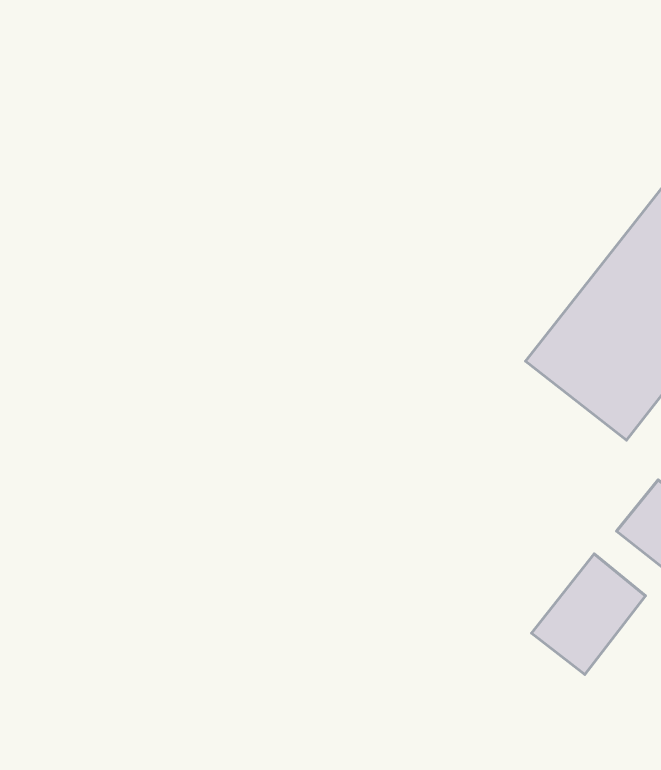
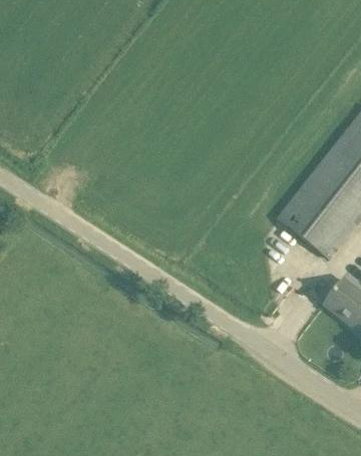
building: [531,554,646,675] -> none

